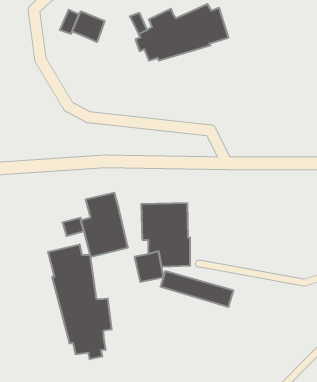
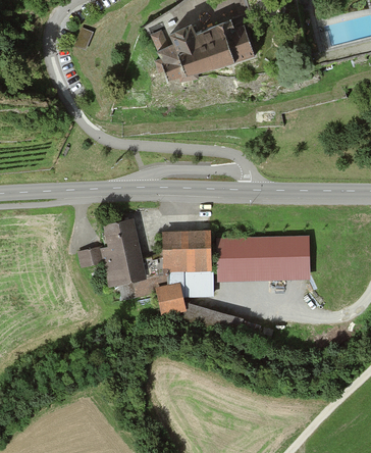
building: [72,11,105,42] -> none
building: none -> [217,235,310,282]
building: [48,244,112,359] -> none

